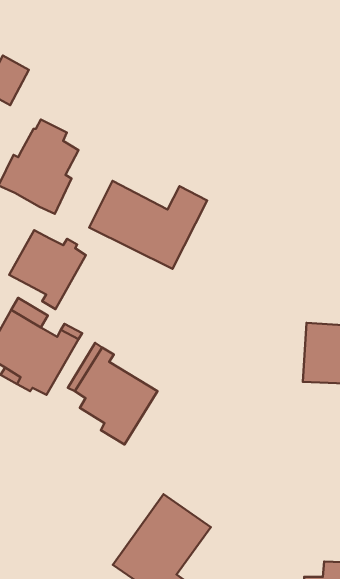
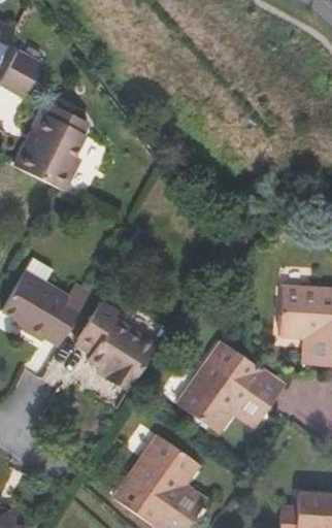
building: [89,181,207,269] -> none
building: [9,230,86,309] -> none
building: none -> [178,341,284,433]

